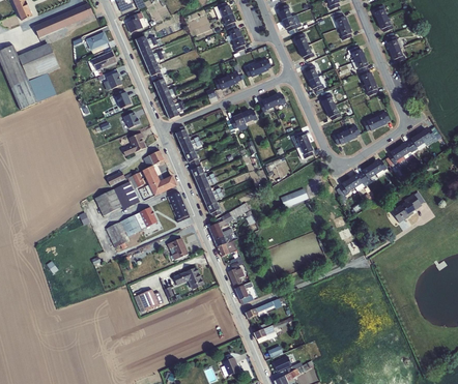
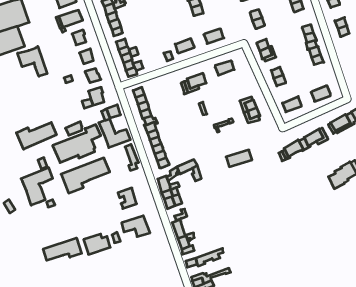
building: none -> [18,46,47,76]
building: none -> [16,122,56,149]
building: none -> [21,168,53,205]
building: none -> [43,238,82,260]

